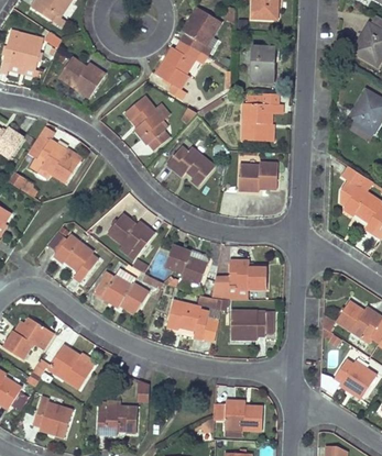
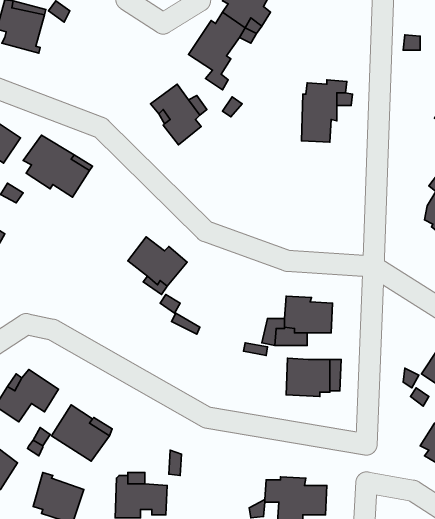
building: [250,45,275,81] -> none
building: [58,56,105,97] -> none
building: [167,146,214,185] -> none
building: [238,163,276,190] -> none
building: [54,234,98,281] -> none
building: [165,246,207,282] -> none
building: [96,268,149,314] -> none
building: [165,300,215,341] -> none

